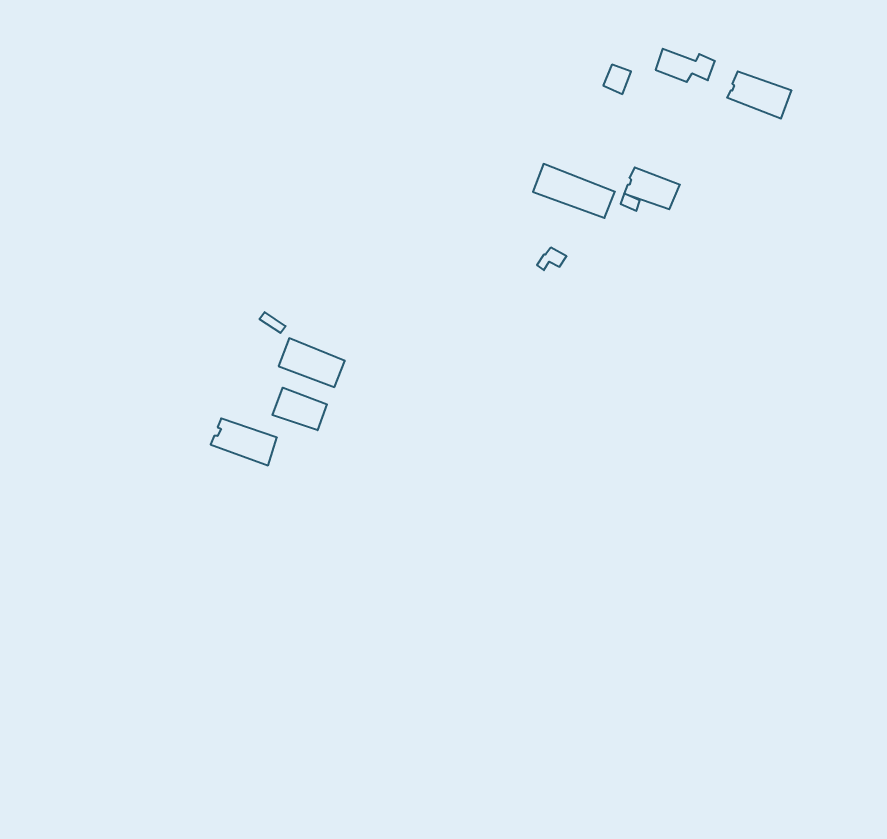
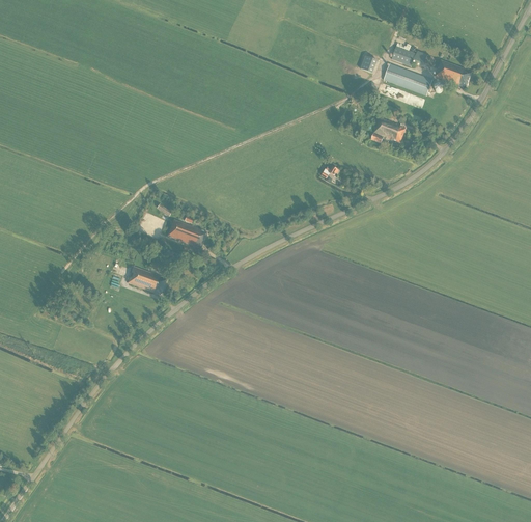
building: [533,164,615,218] -> [383,63,431,95]
building: [272,388,327,430] -> none

